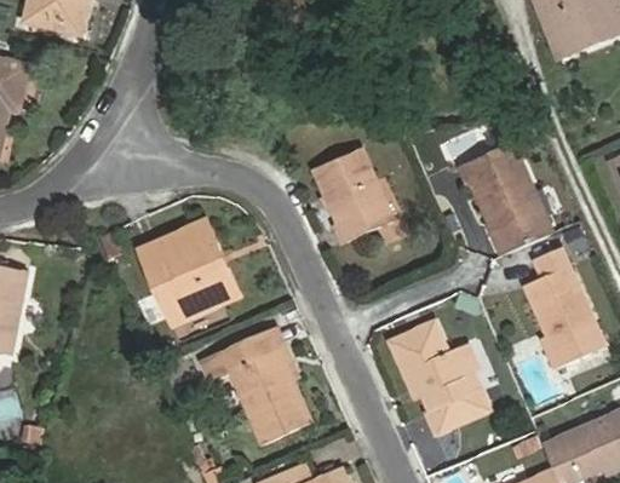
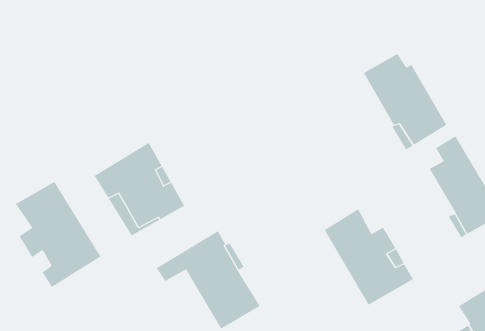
building: [320,153,396,241] -> none
building: none -> [15,181,101,288]

